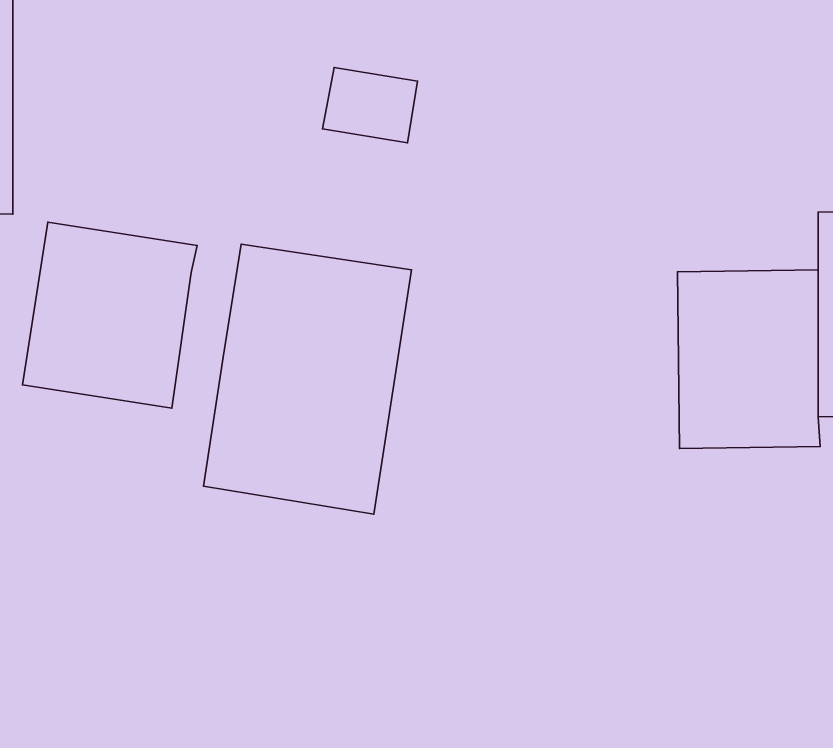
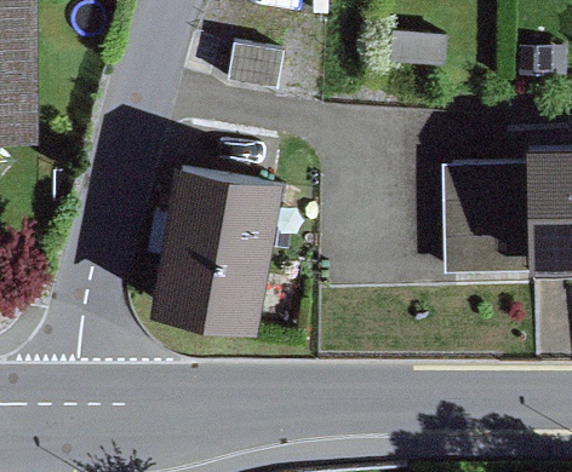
building: [23,222,197,408] -> none

